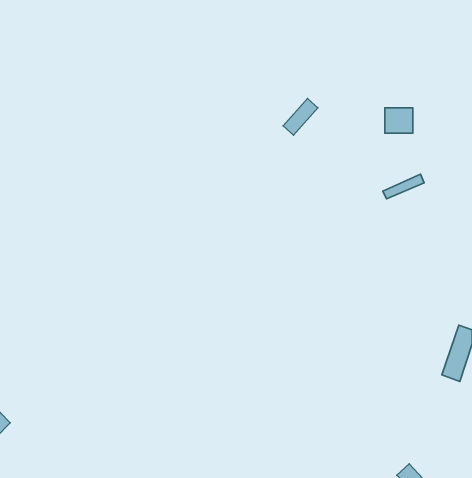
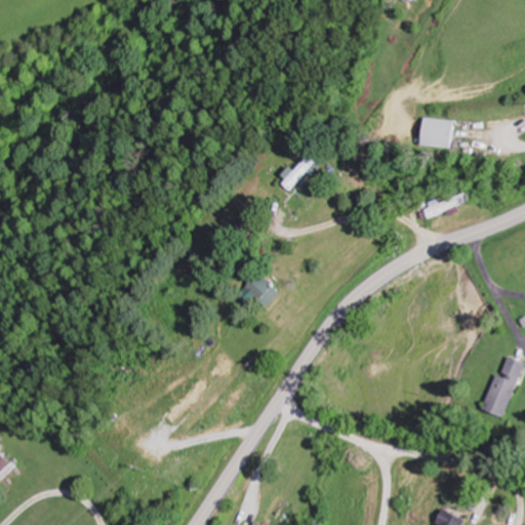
building: [283,99,318,135] -> [278,155,316,195]
building: none -> [243,274,278,309]

